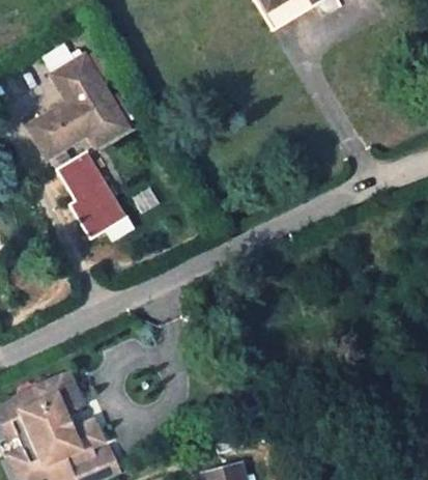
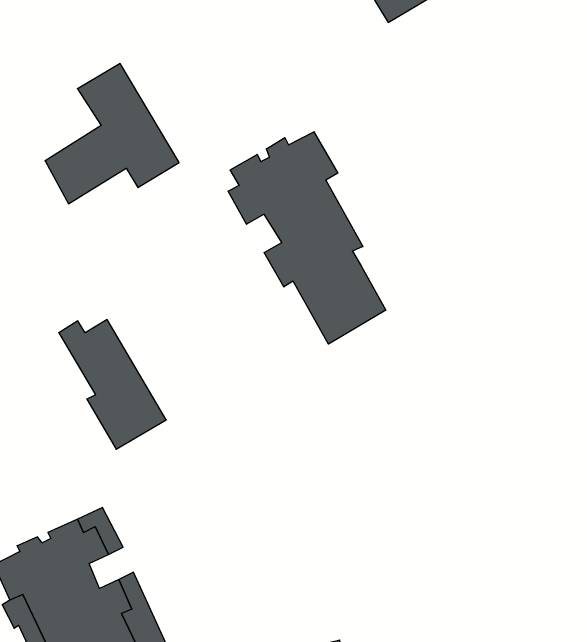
building: none -> [228,132,386,344]
building: [49,145,124,236] -> [59,320,166,449]

